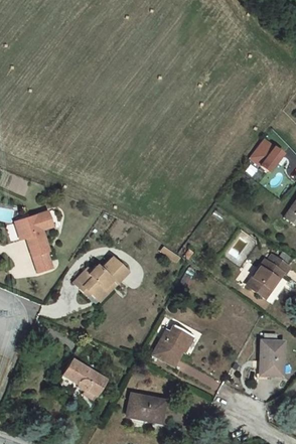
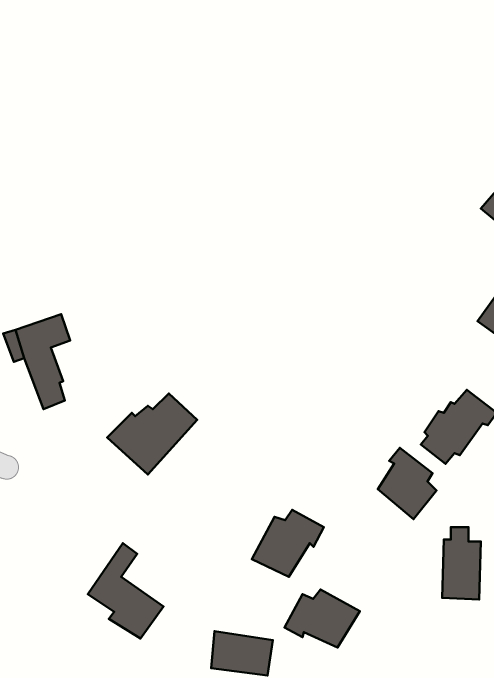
building: [248,142,281,175] -> none
building: none -> [378,448,436,519]
building: none -> [284,590,360,648]

